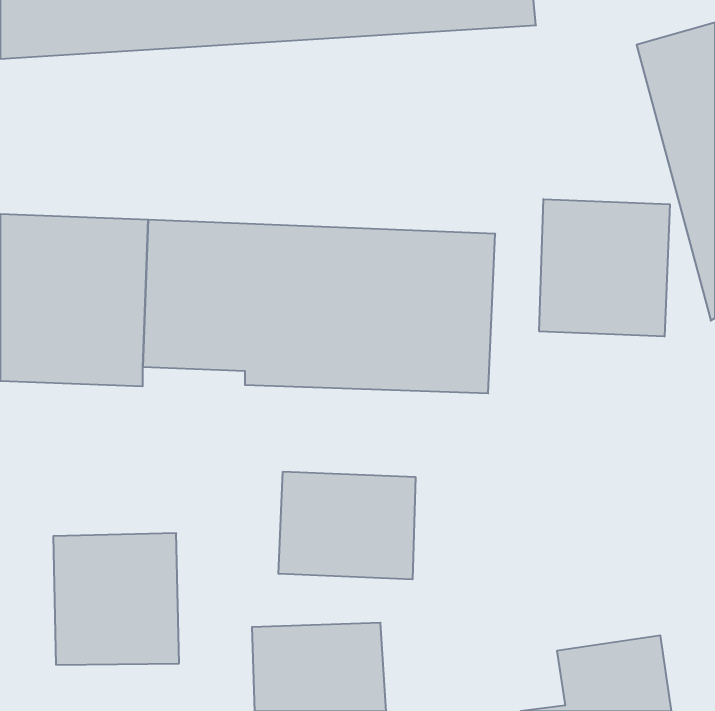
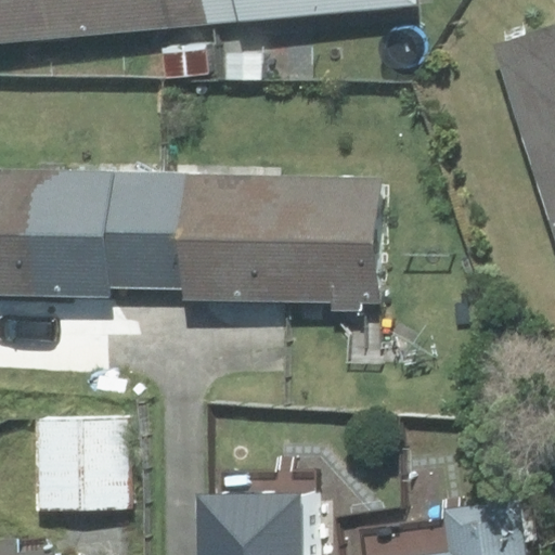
building: [539,199,670,337] -> none
building: [279,472,415,579] -> none

